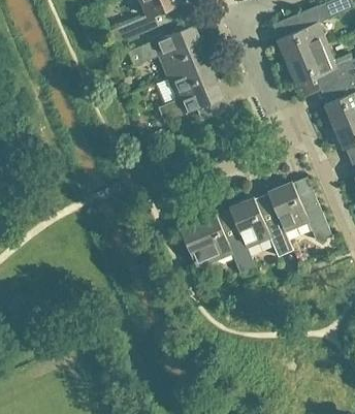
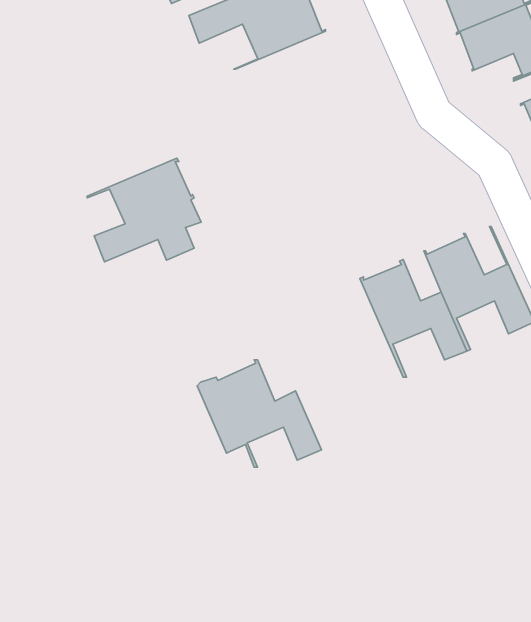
building: [154,60,222,122] -> [87,158,201,262]
building: [180,213,254,277] -> [197,360,321,467]

